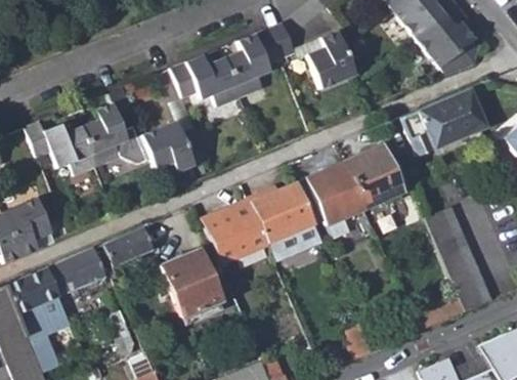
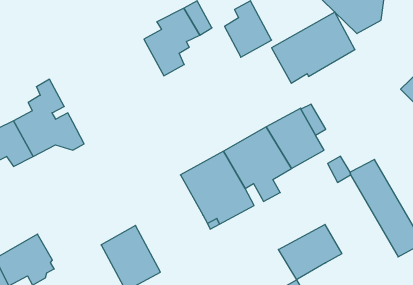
building: [173,56,243,107] -> none
building: [400,89,486,158] -> [272,12,355,83]
building: [143,121,209,171] -> none
building: [201,202,267,264] -> none
building: [103,226,152,267] -> none
building: none -> [278,224,342,280]

